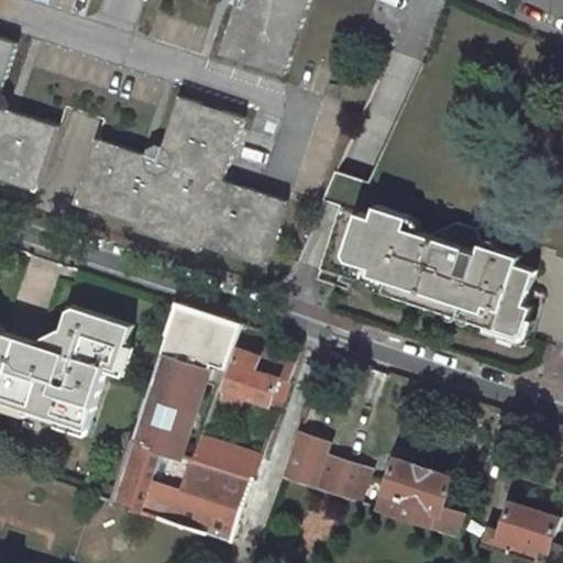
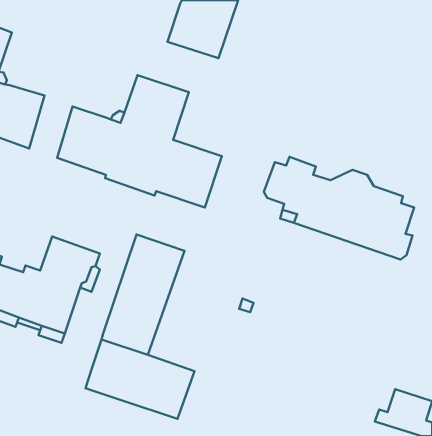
building: [223,349,285,406] -> none
building: [280,431,368,501] -> none
building: [190,435,258,478] -> none
building: [373,457,462,533] -> none

